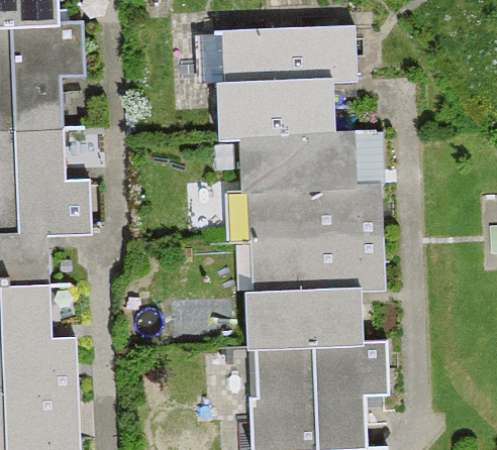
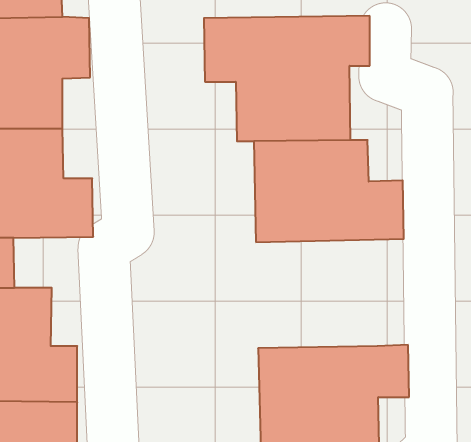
building: [245,238,387,342] -> none

